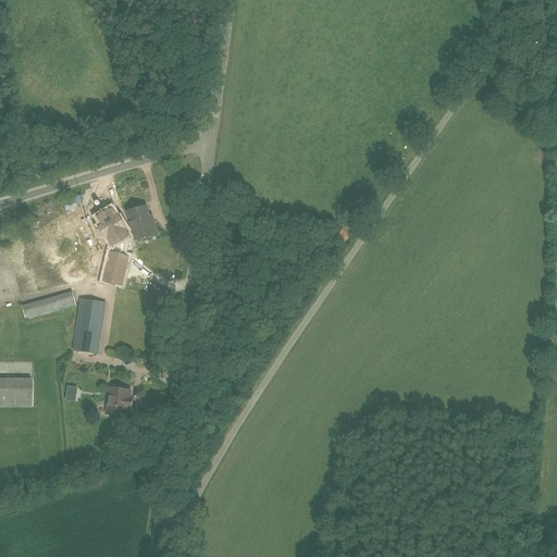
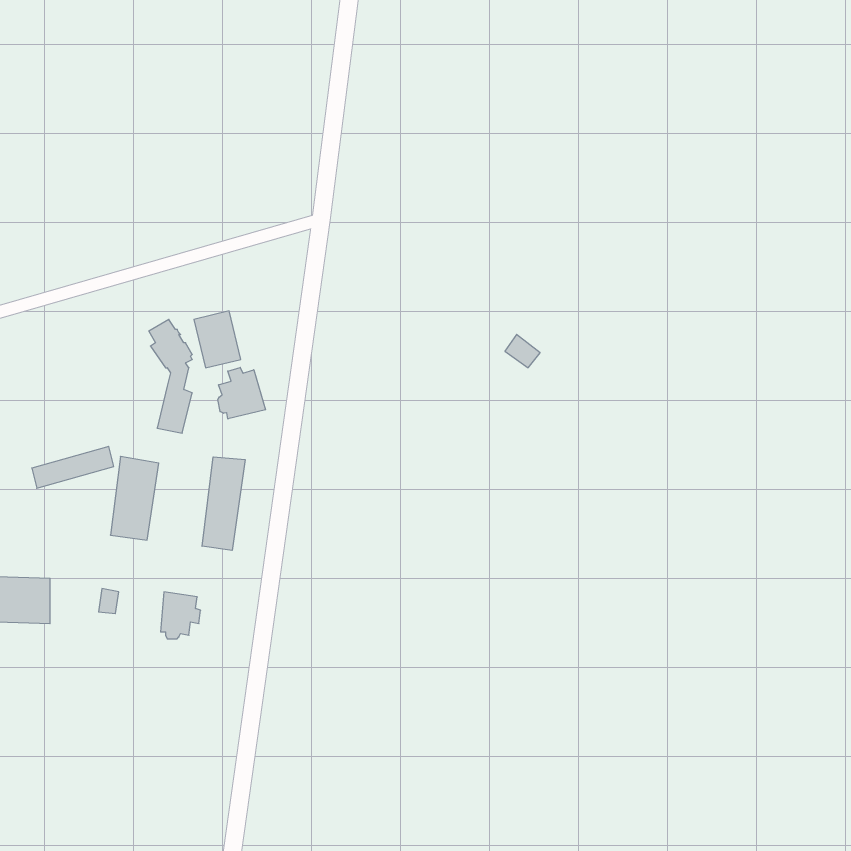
building: none -> [218,367,266,419]
building: none -> [202,457,245,550]

